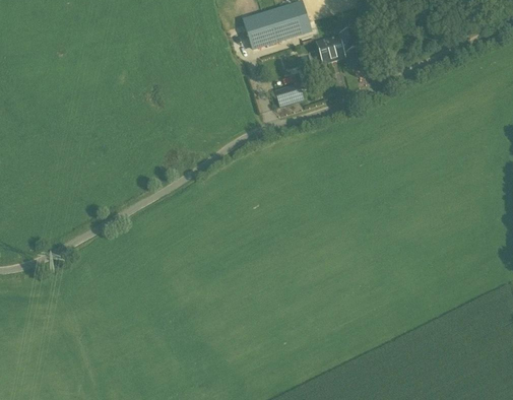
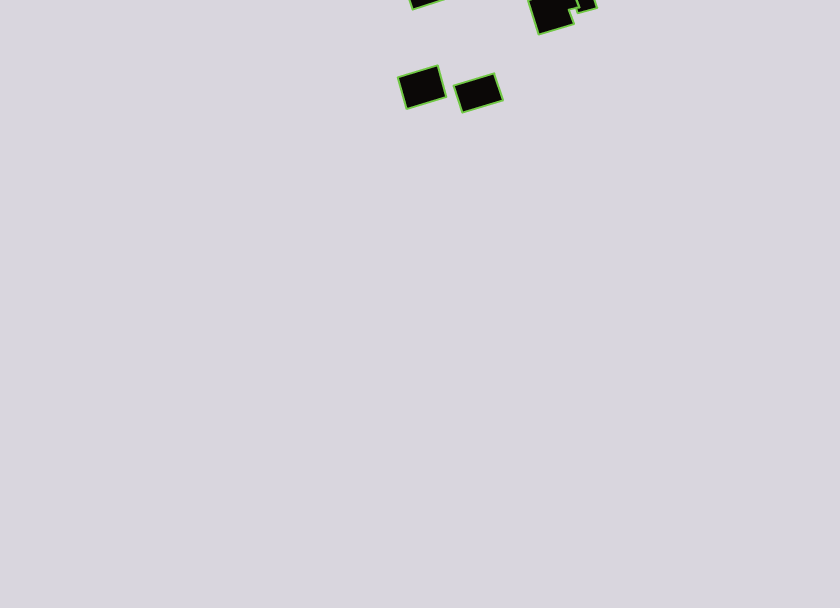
building: none -> [398,65,446,109]

